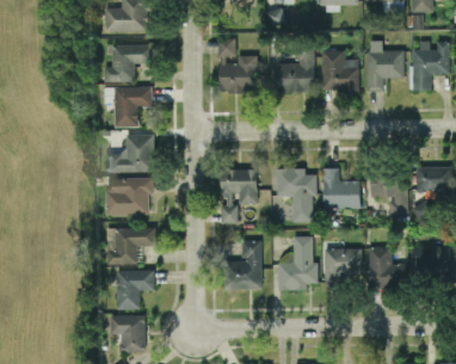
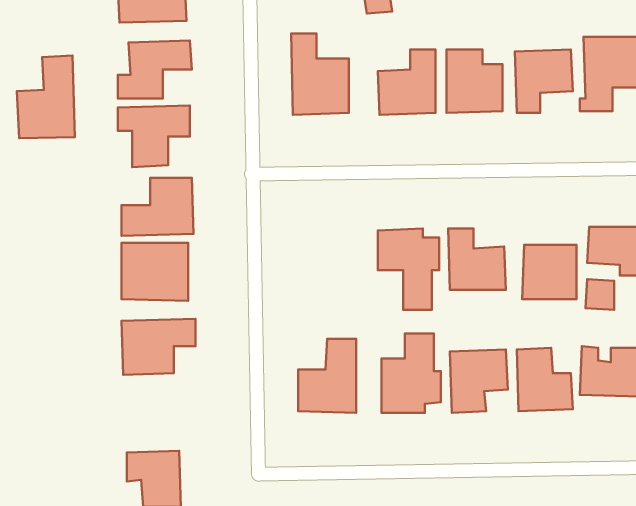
building: none -> [17,56,75,138]
building: [220,169,257,223] -> none
building: [116,270,154,309] -> none

